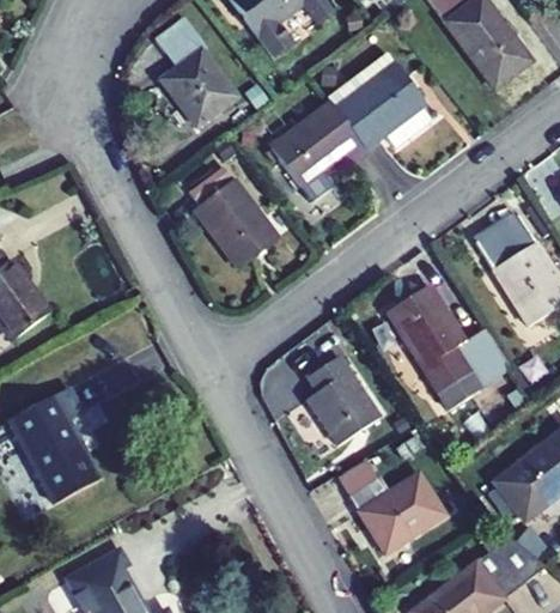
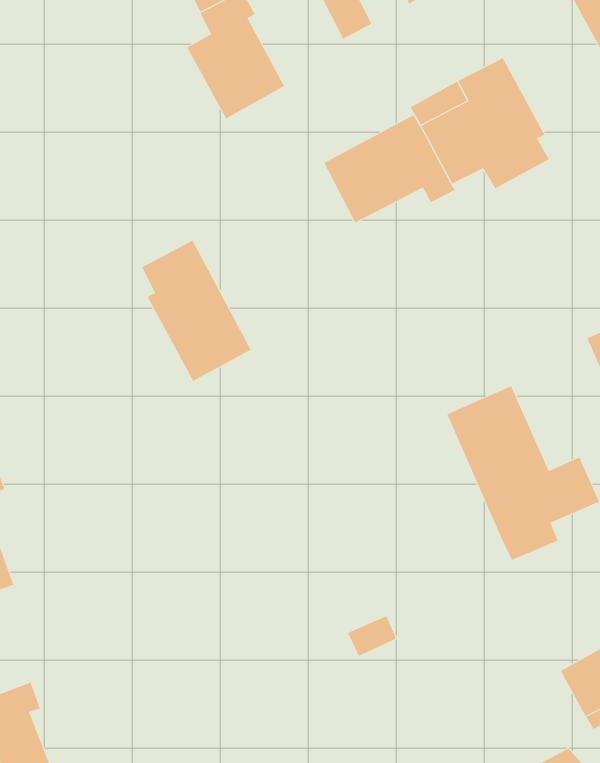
building: [189,165,276,266] -> [141,240,252,381]
building: [306,356,379,444] -> none
building: [349,473,444,552] -> none

